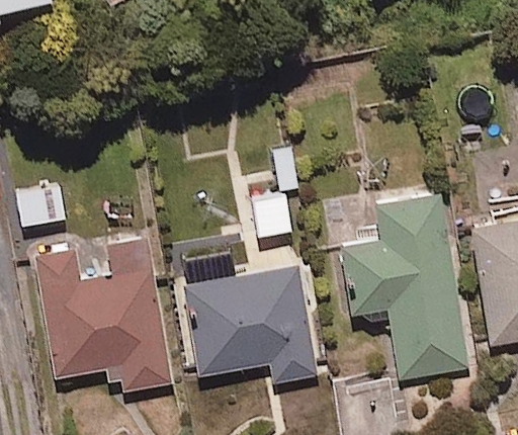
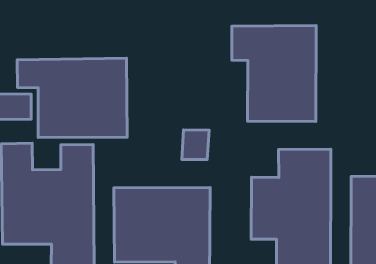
building: none -> [232,26,316,122]
building: none -> [17,58,127,137]

